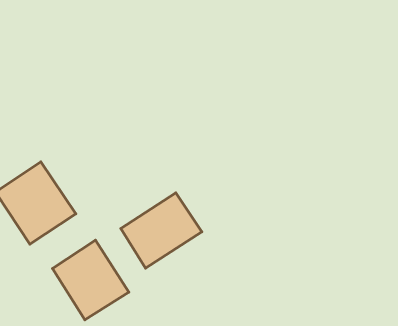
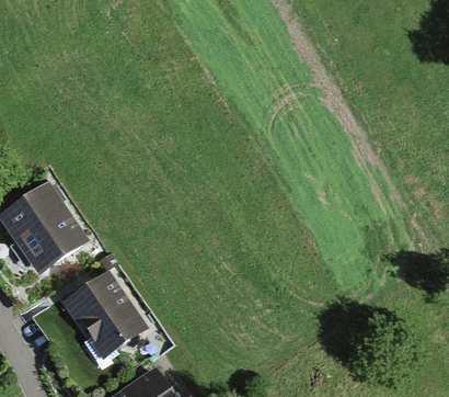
building: [121,193,202,268] -> none

